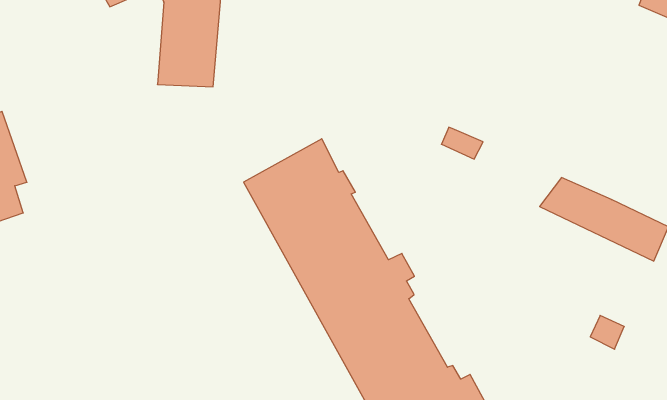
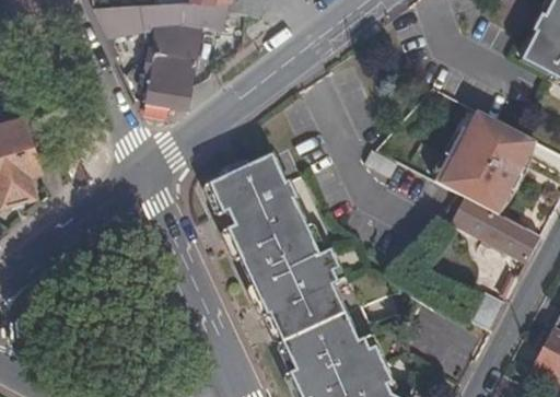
building: none -> [440,112,535,213]

